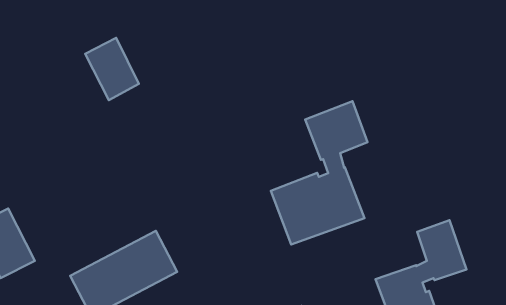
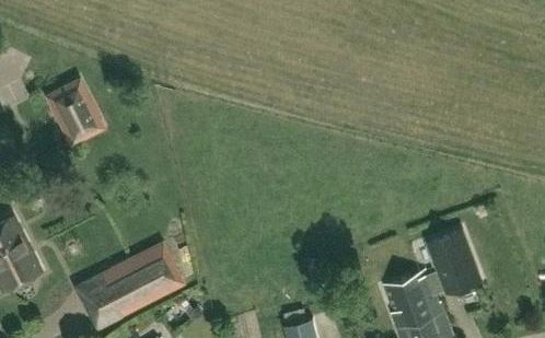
building: [85,38,139,100] -> [47,81,102,144]
building: [271,101,368,245] -> none

